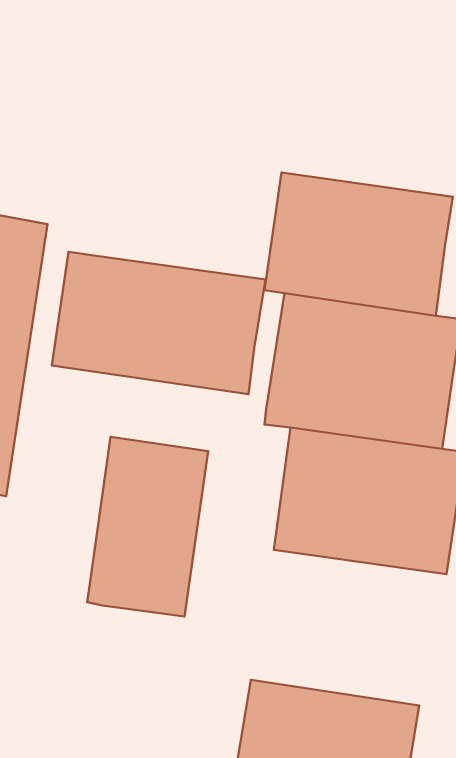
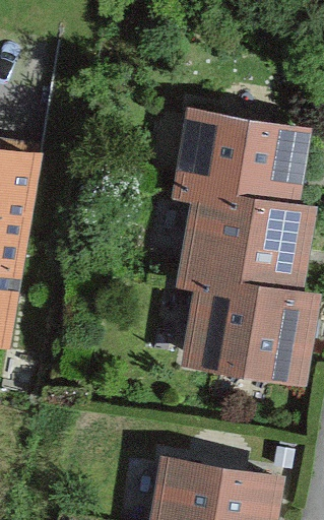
building: [52,252,266,394] -> none
building: [87,437,208,616] -> none

